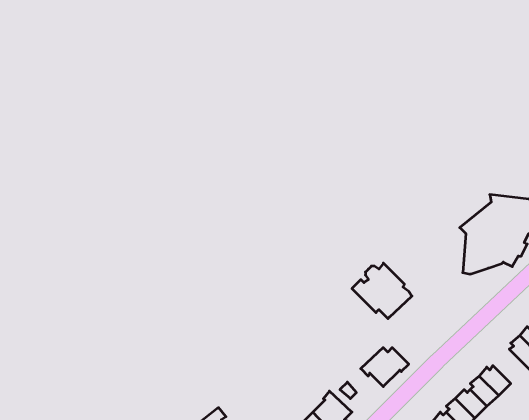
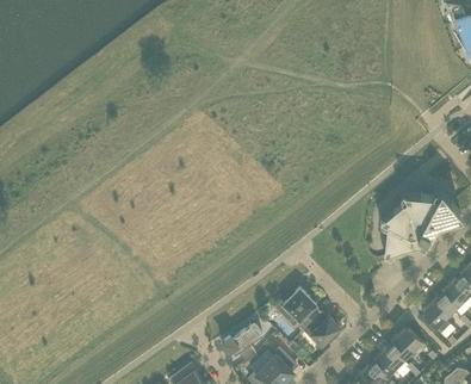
building: [352,263,412,319] -> [274,289,322,333]
building: none -> [222,324,262,364]

